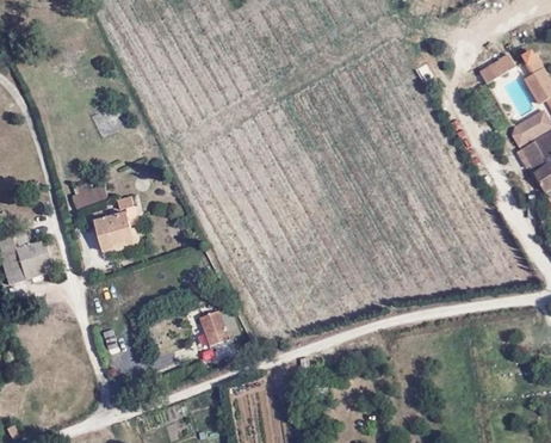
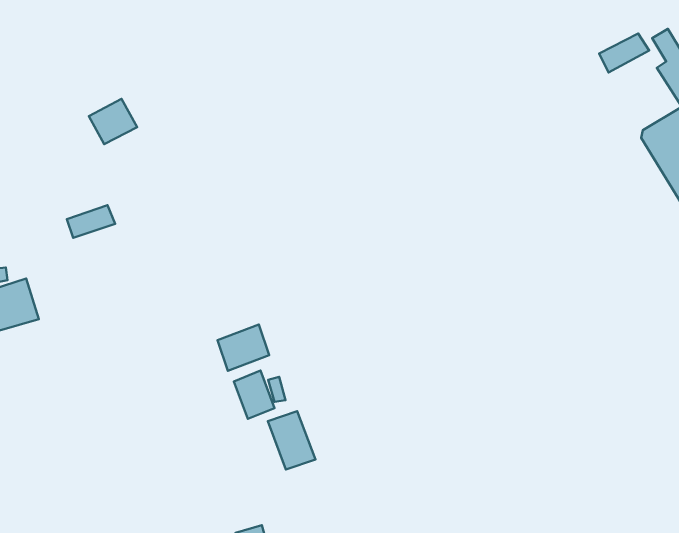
building: [92,195,147,253] -> none
building: none -> [217,325,269,371]
building: none -> [268,411,315,469]

